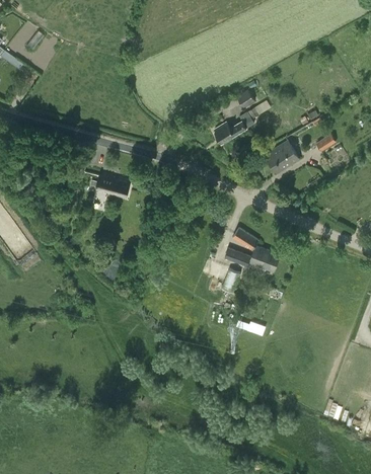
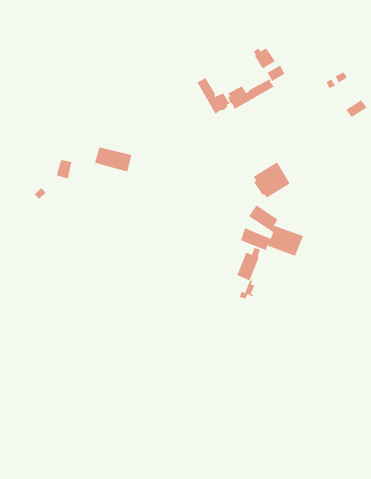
building: none -> [197,77,230,115]
building: [266,141,298,173] -> [253,161,290,198]

